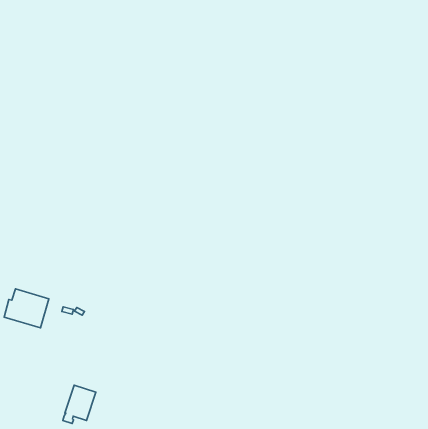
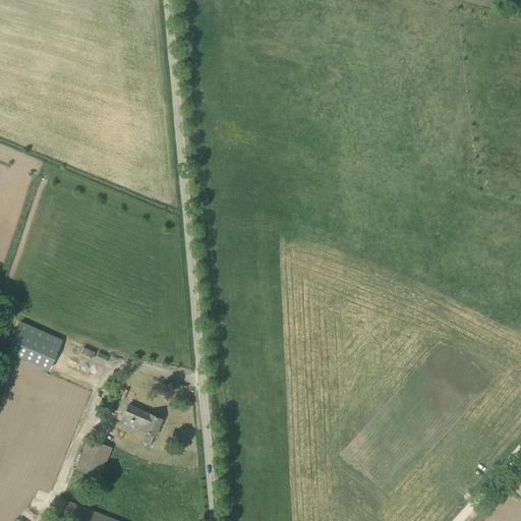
building: none -> [121,405,162,445]

